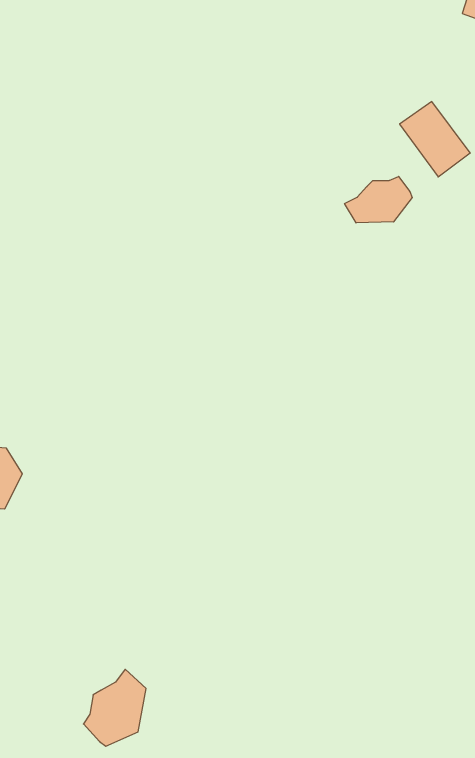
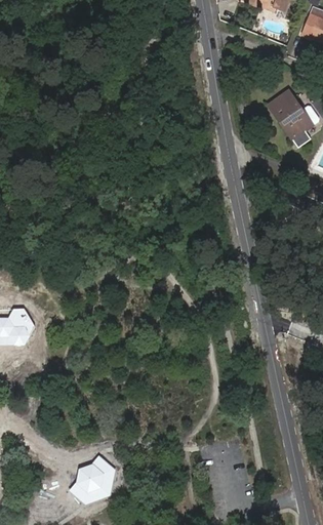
building: [345,176,412,223] -> none

